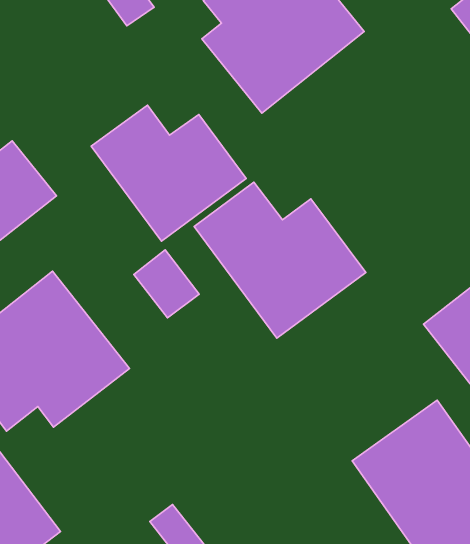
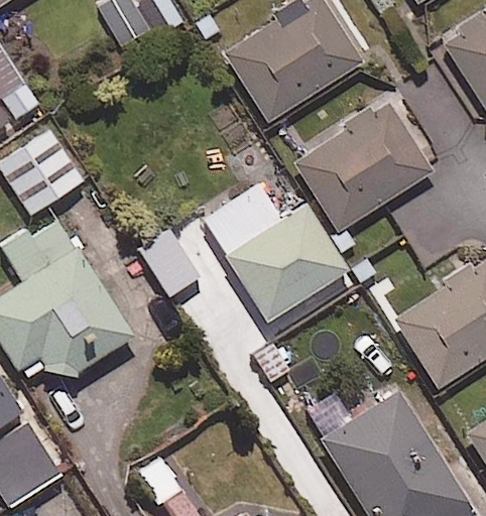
building: none -> [294,102,434,233]
building: [91,105,246,241] -> none

